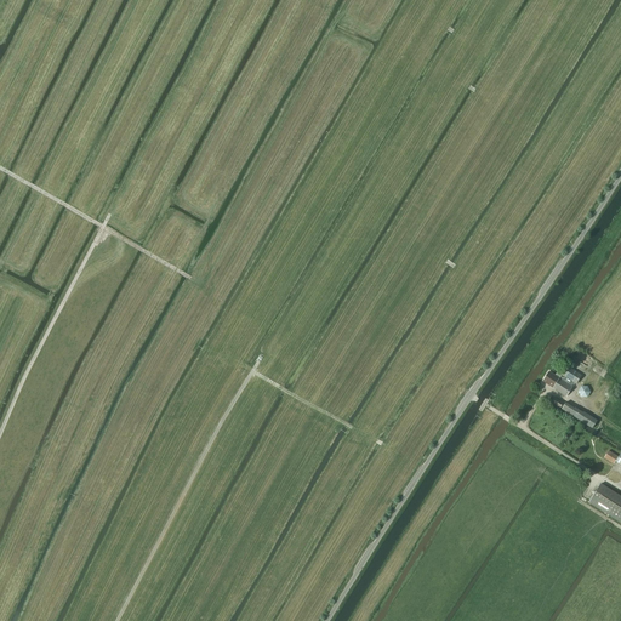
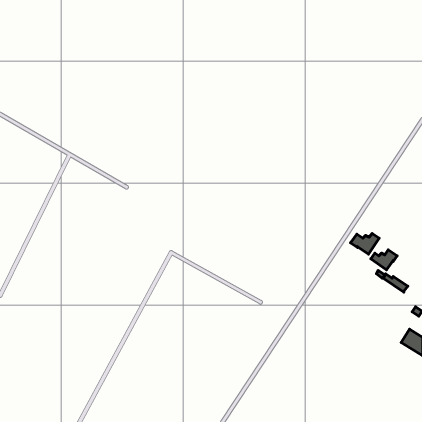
building: none -> [350,233,379,254]

